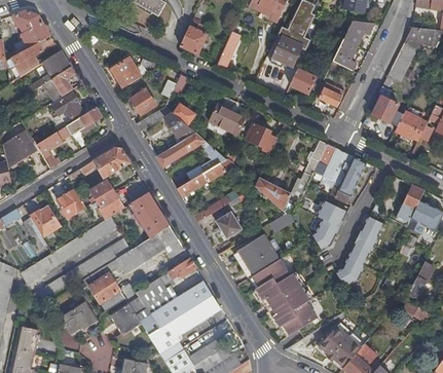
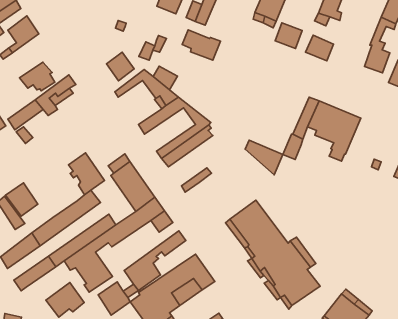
building: [111,58,142,88] -> none
building: [40,66,74,106] -> none
building: [211,104,247,134] -> [182,30,221,60]
building: [246,123,279,154] -> none
building: [68,147,130,183] -> none
building: [54,188,82,216] -> none
building: [312,200,347,250] -> none
building: [211,203,237,238] -> none
building: [337,215,384,287] -> none

